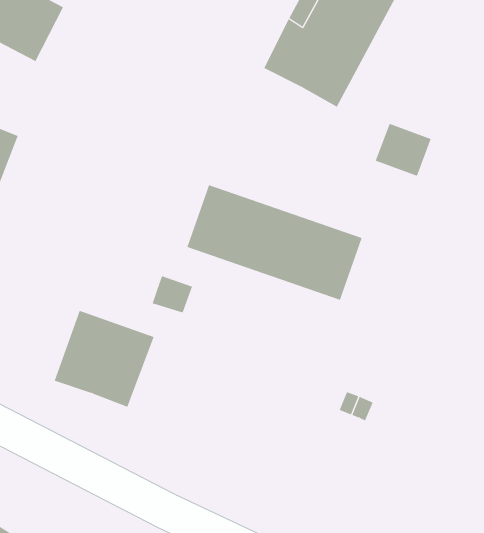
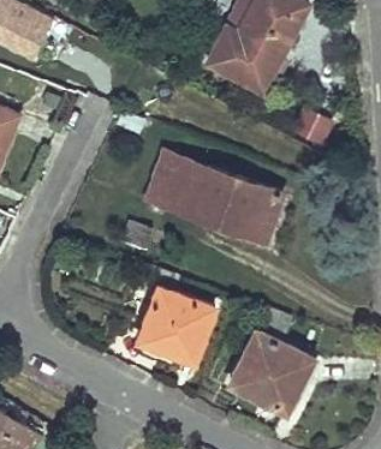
building: [54,310,154,408] -> [138,287,215,361]
building: none -> [231,331,314,413]

